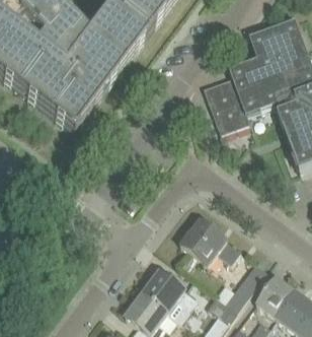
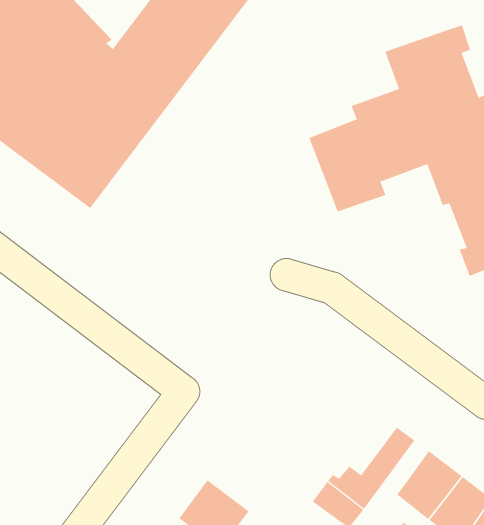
building: [179,220,240,266] -> none
building: [143,271,197,313] -> none

